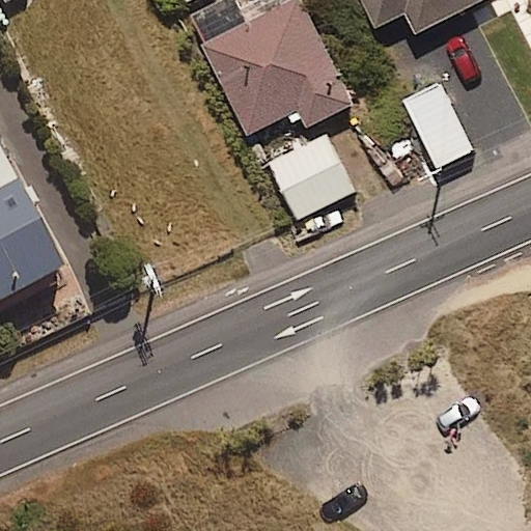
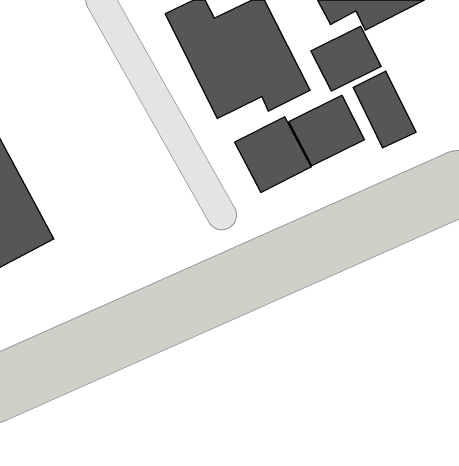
building: none -> [311,26,381,91]
building: none -> [289,95,365,166]

